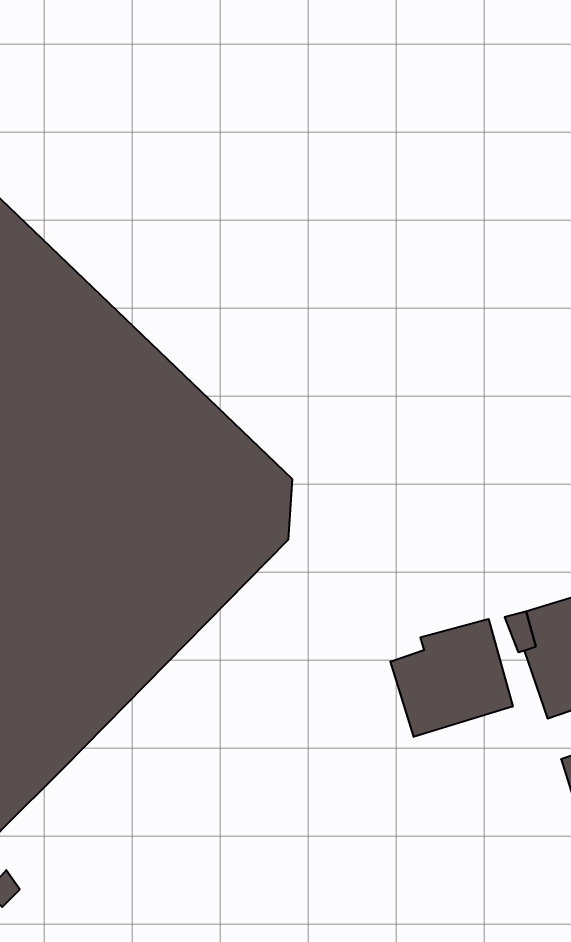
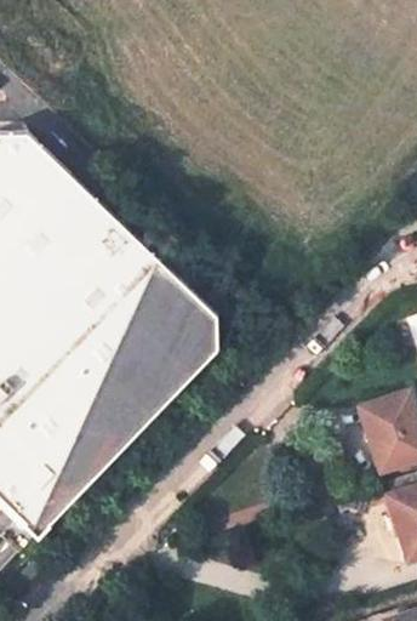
building: [390,619,513,737] -> none

